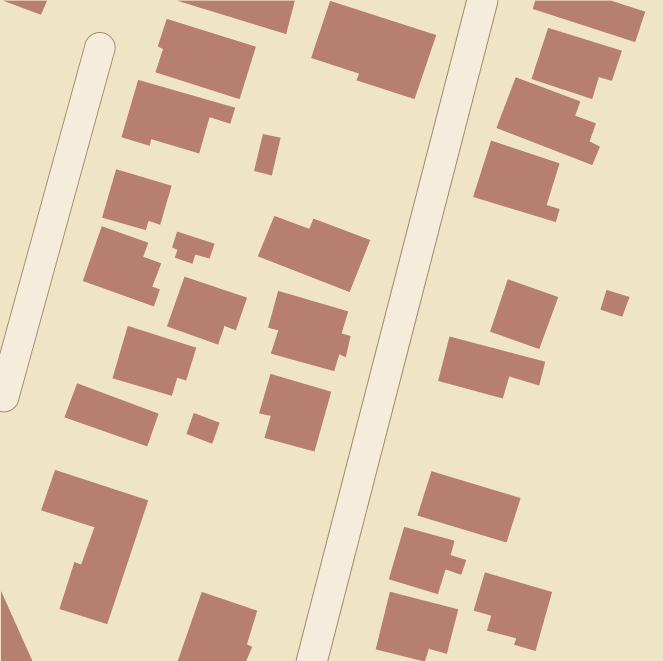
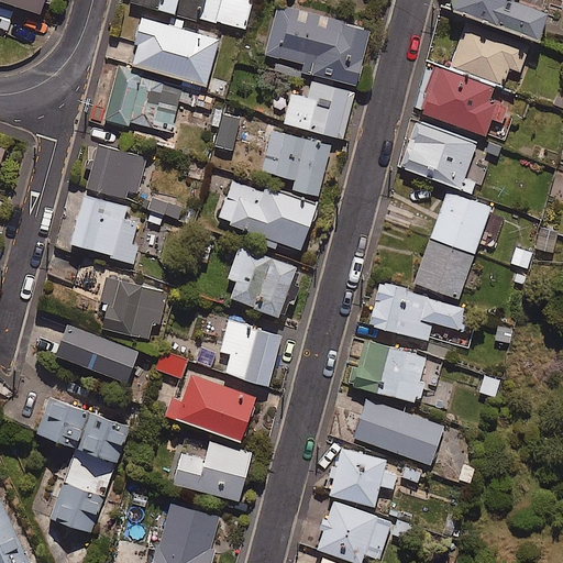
building: none -> [283,80,353,139]
building: none -> [262,130,330,196]
building: none -> [430,191,490,253]
building: [166,276,248,345] -> none
building: none -> [347,339,442,402]
building: none -> [164,373,252,441]
building: none -> [170,441,251,501]
building: [473,571,553,652] -> none

